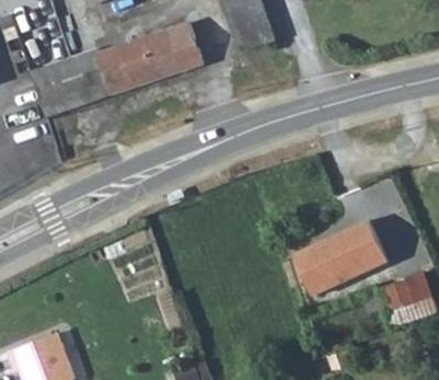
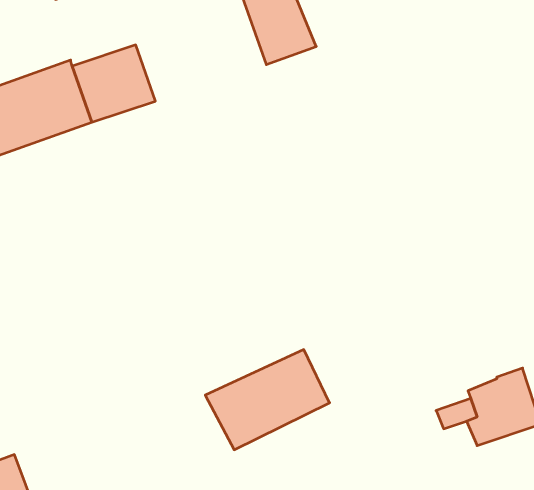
building: [145,21,205,78] -> none
building: [297,222,386,295] -> [205,350,330,450]

